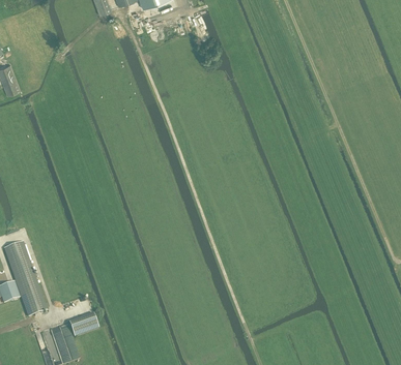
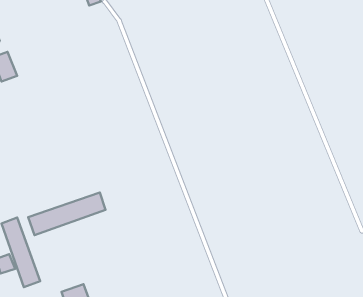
building: none -> [28,193,105,235]

